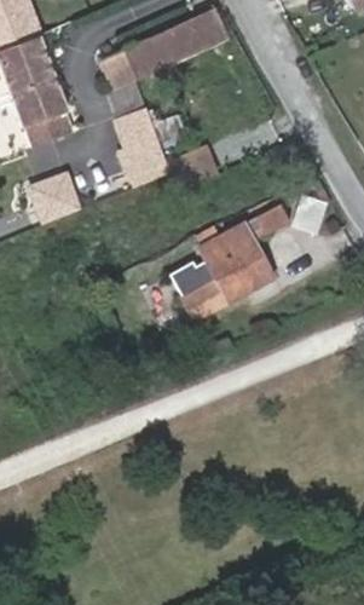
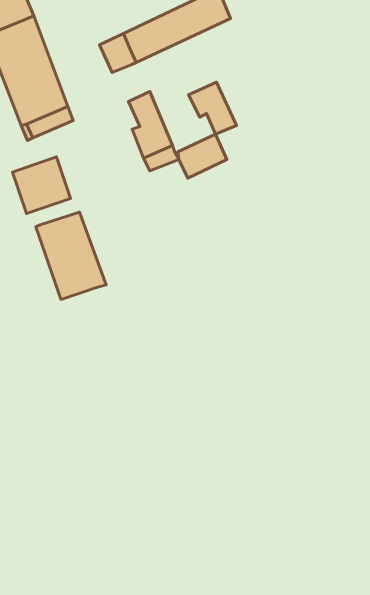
building: none -> [189,82,237,134]
building: [183,215,281,330] -> none
building: none -> [36,212,106,299]

